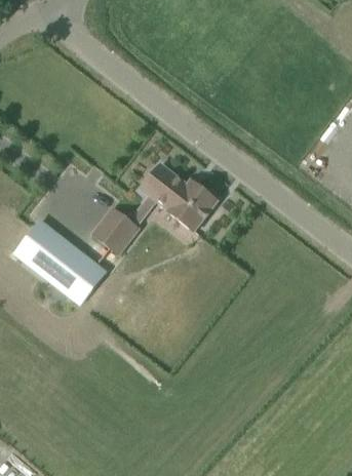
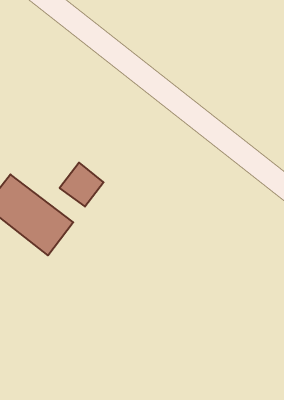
building: [141,162,218,232] -> none

